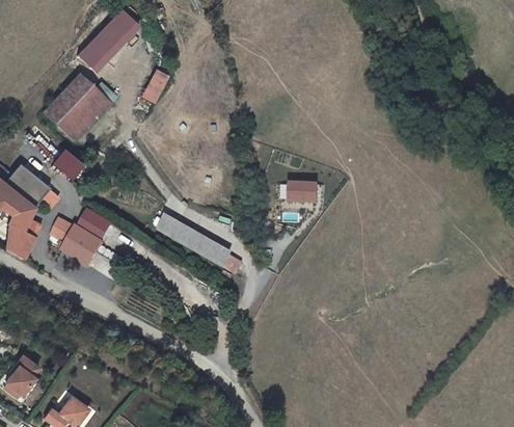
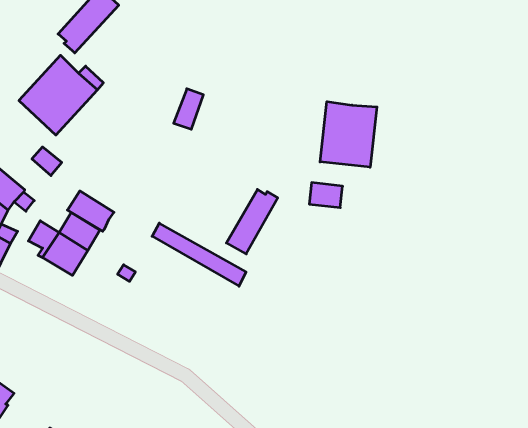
building: [141,68,167,103] -> [174,89,203,129]
building: none -> [320,102,377,167]
building: none -> [226,189,278,254]
building: none -> [67,191,114,231]

